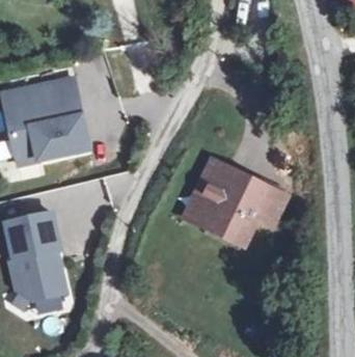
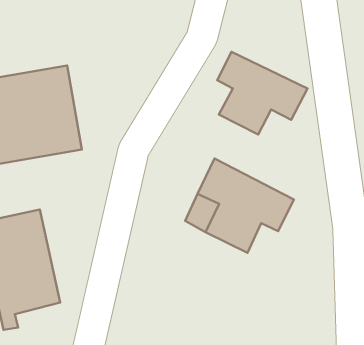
building: none -> [217,52,307,134]

